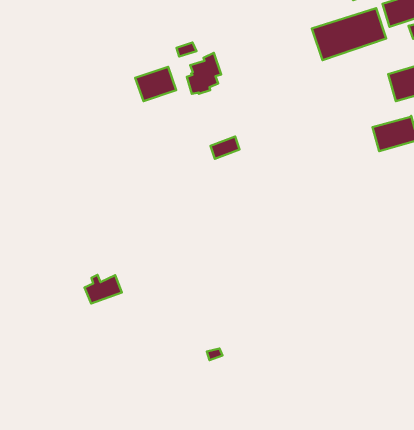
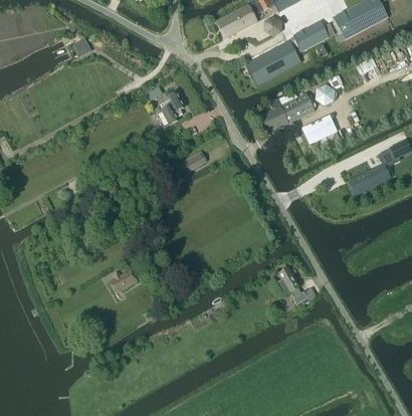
building: [135,67,176,101] -> none
building: none -> [260,92,314,132]
building: none -> [276,267,308,303]

